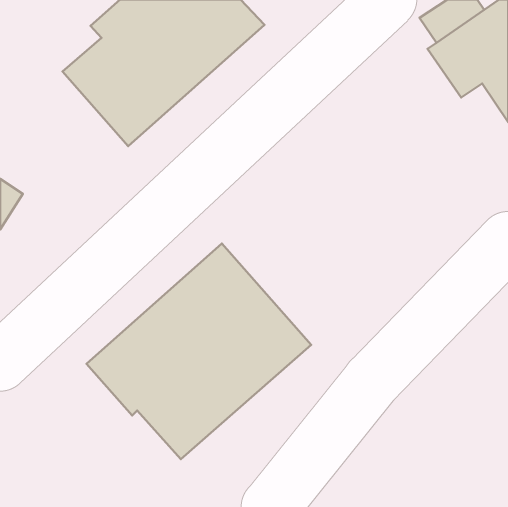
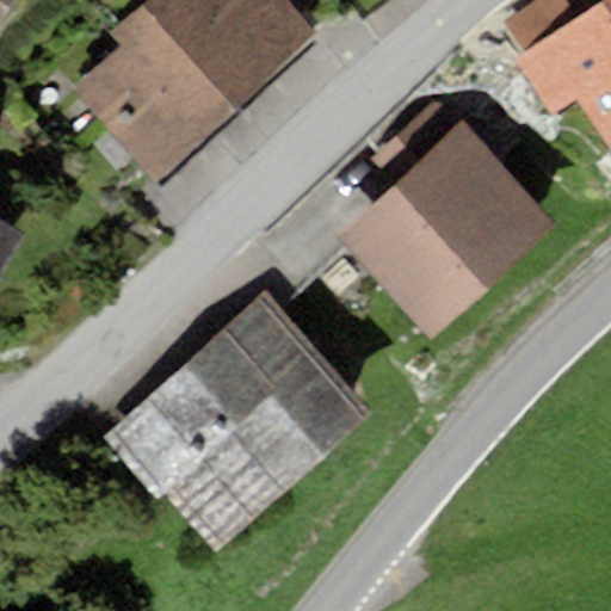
building: none -> [333,99,557,340]

